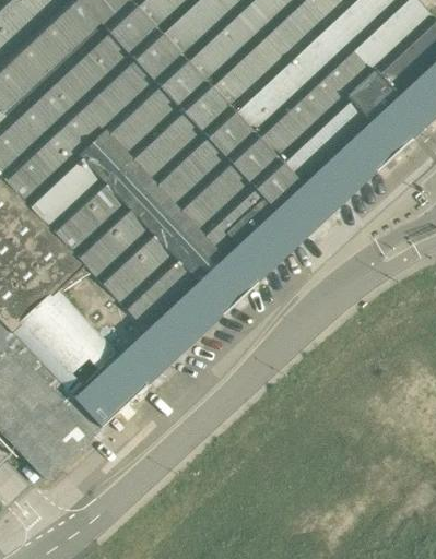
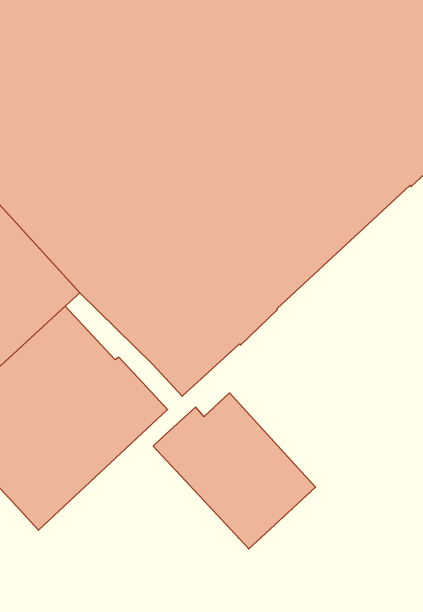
building: [134,330,174,370] -> none
building: none -> [153,393,316,549]

